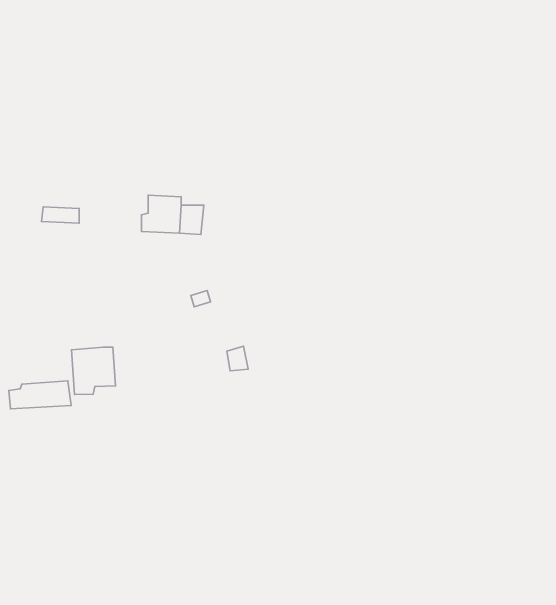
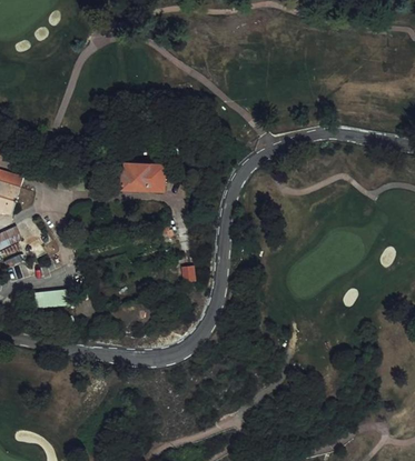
building: [72,347,116,395] -> none

